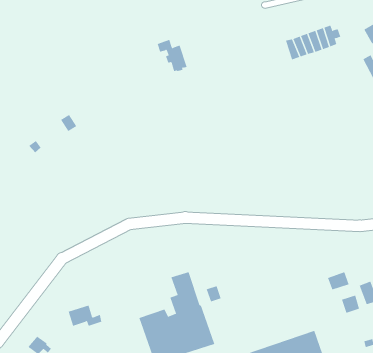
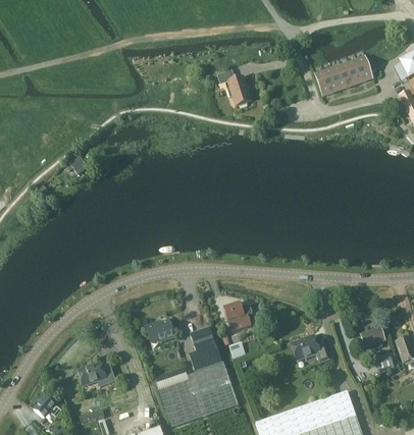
building: [157,39,188,72] -> [218,70,252,106]
building: none -> [224,303,252,333]
building: none -> [146,322,175,344]
building: none -> [291,335,330,364]

